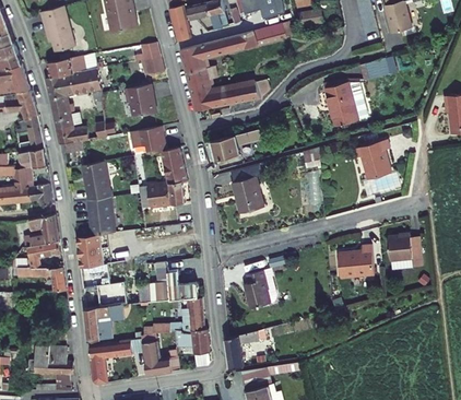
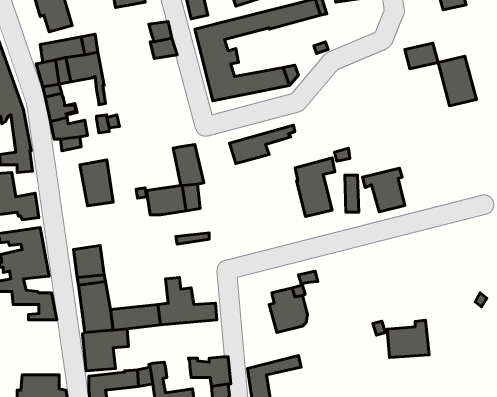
building: [125,82,156,116] -> none
building: [323,82,356,125] -> [438,56,476,106]
building: [130,125,167,152] -> none
building: [355,142,391,179] -> [362,168,405,212]
building: [226,164,260,214] -> [295,158,335,217]
building: [87,196,115,234] -> none
building: [388,234,423,268] -> none
building: [339,244,375,275] -> [387,320,429,357]
building: [144,296,204,333] -> none

